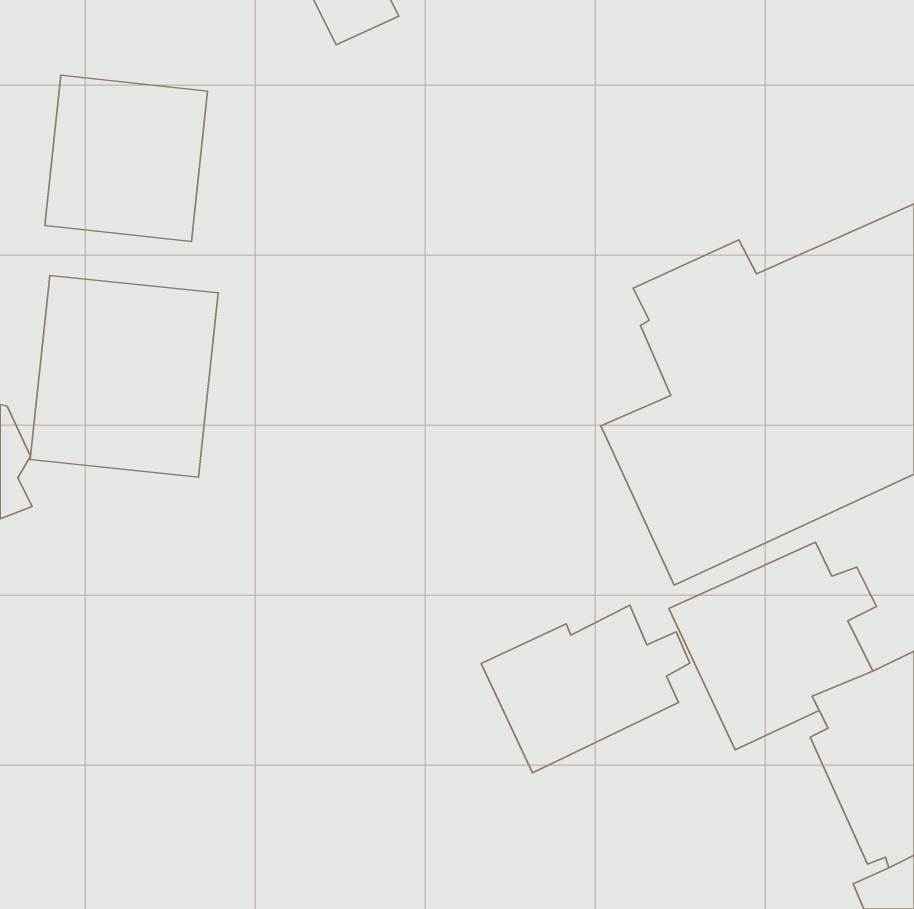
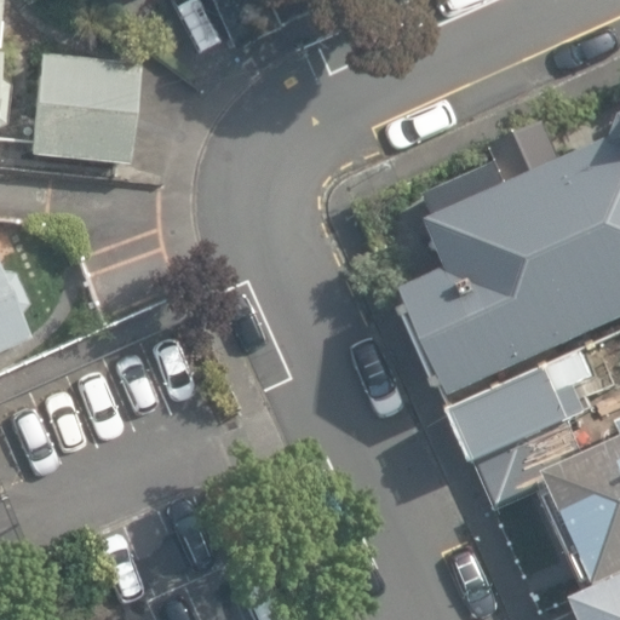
building: [30,275,218,477] -> none
building: [481,605,690,773] -> none

